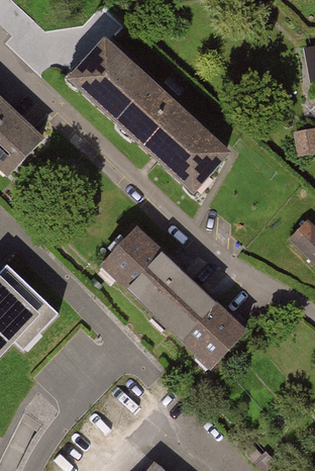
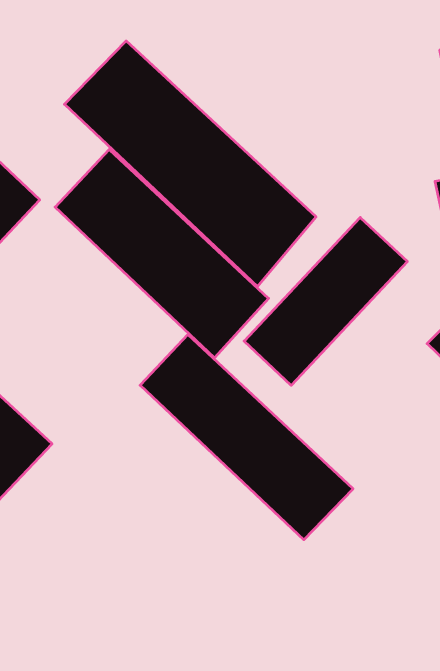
building: none -> [55,149,269,358]
building: none -> [244,217,407,385]

